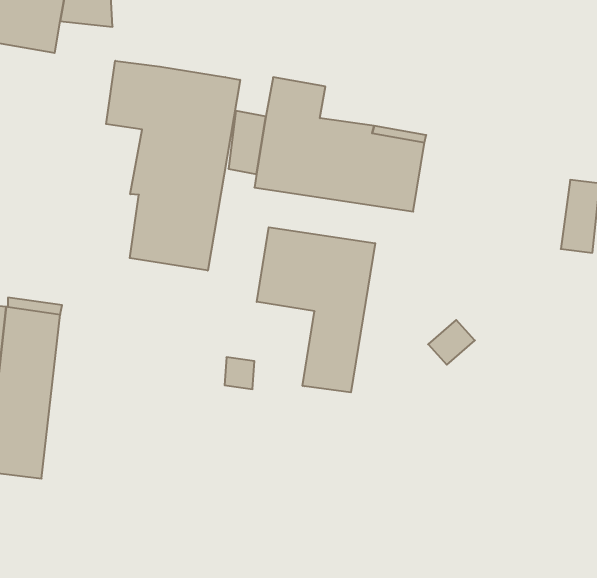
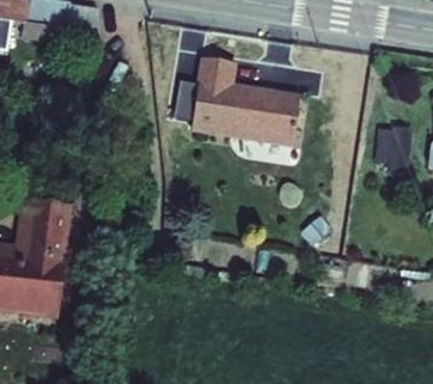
building: [106,61,240,271] -> none
building: [257,227,375,392] -> none

